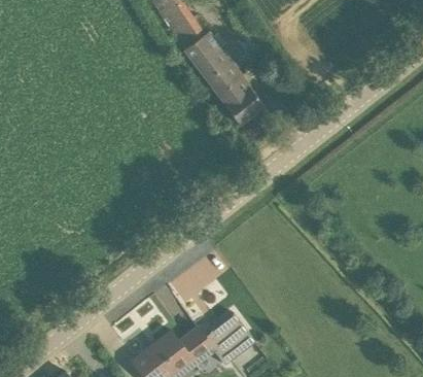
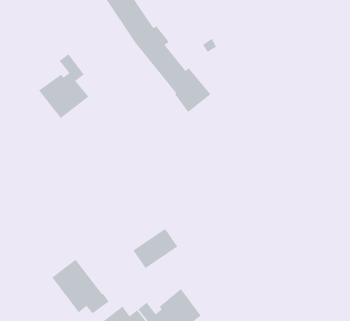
building: none -> [38,53,89,119]
building: none -> [51,259,110,314]

